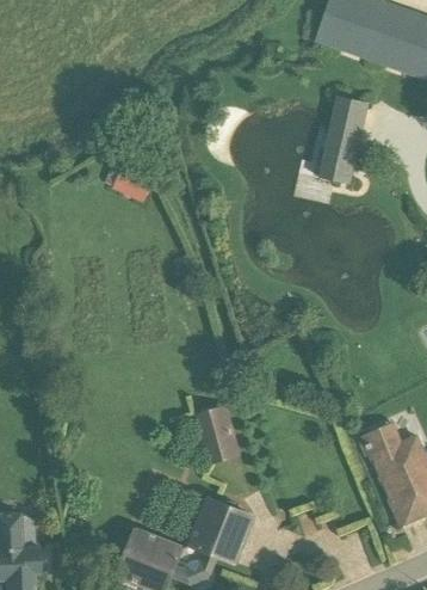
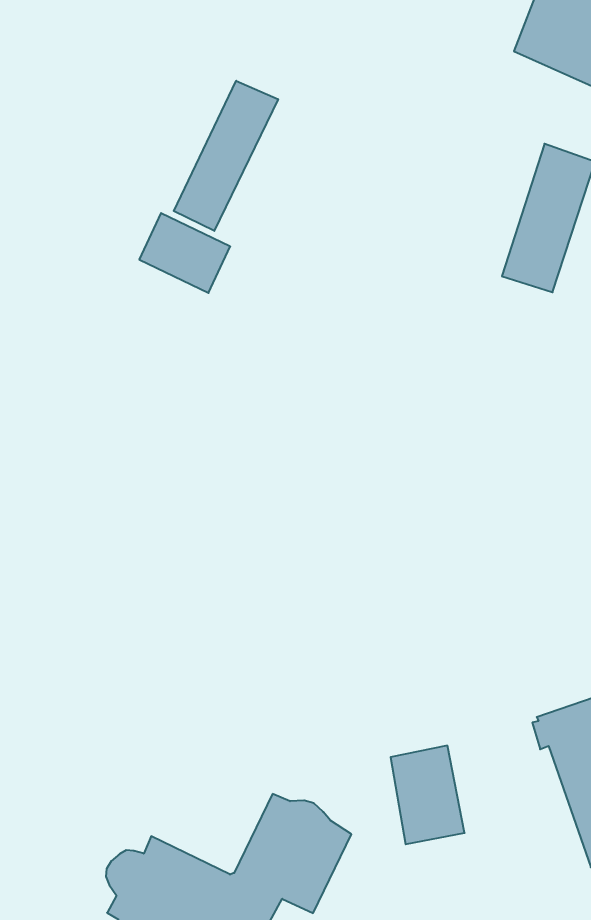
building: none -> [174,81,278,231]
building: [194,404,242,465] -> [391,746,465,844]

